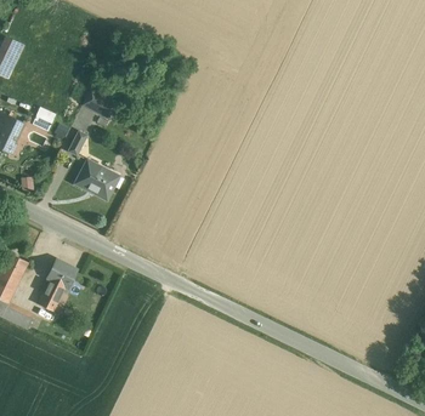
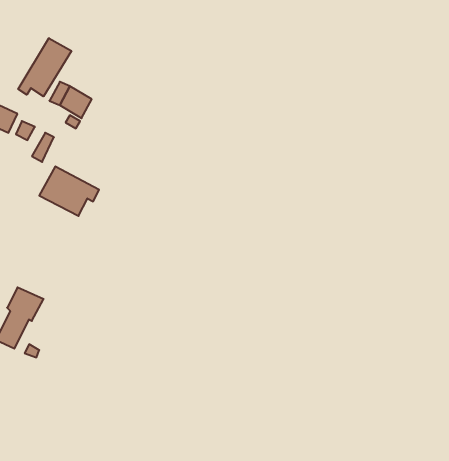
building: none -> [18,38,71,96]

